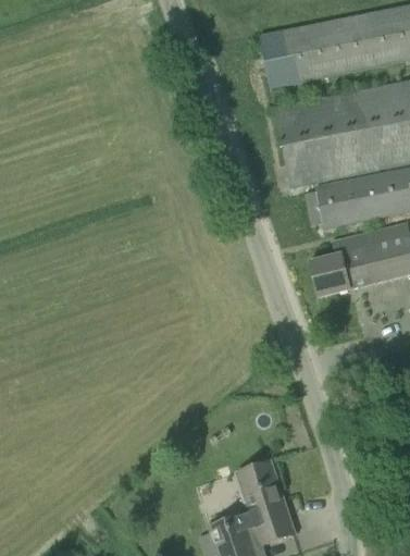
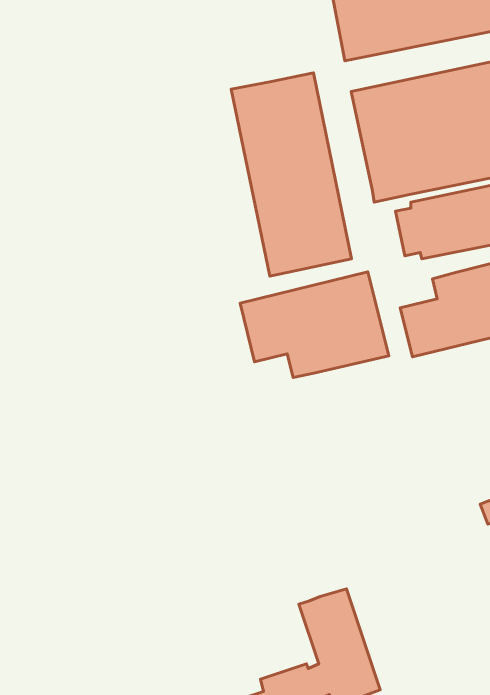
building: none -> [231,73,352,276]
building: none -> [240,272,389,378]

